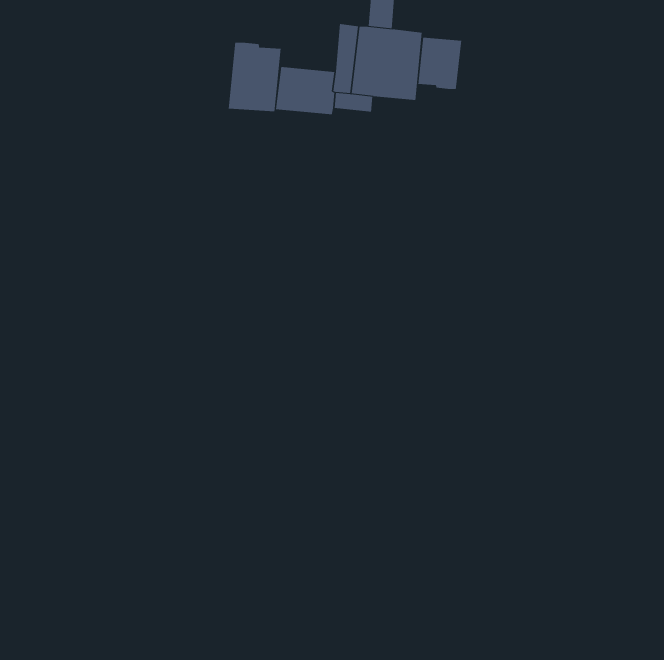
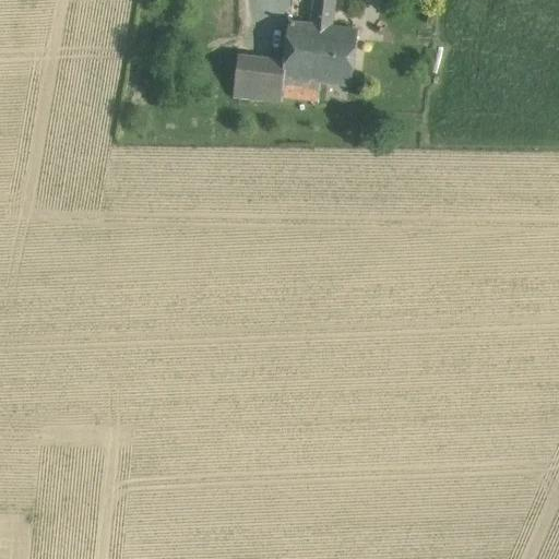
building: [418,37,462,90] -> none
building: [228,42,281,112] -> none

